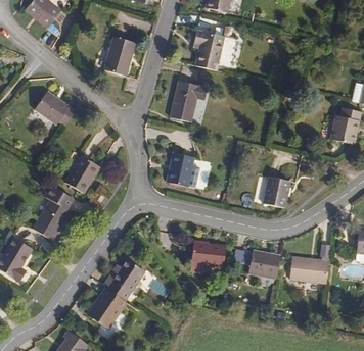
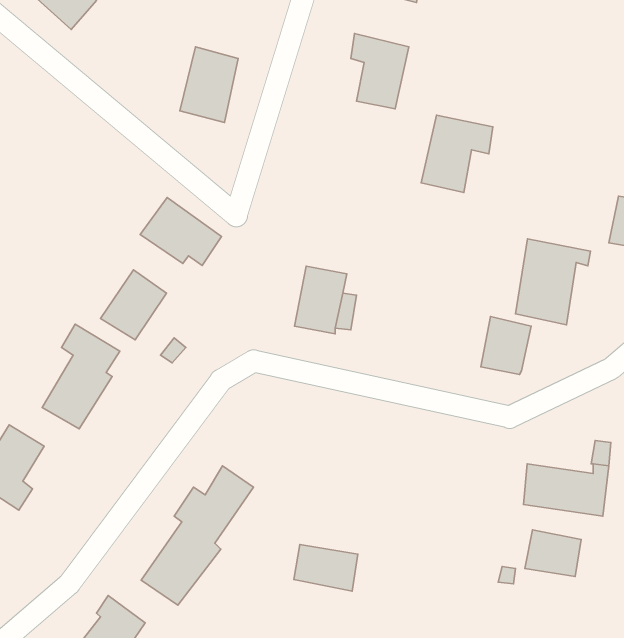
building: [170,81,208,121] -> [421,115,493,193]
building: [33,89,76,124] -> [140,198,222,265]
building: none -> [516,239,591,325]
building: [192,245,226,269] -> [294,545,358,591]
building: [249,255,279,280] -> [525,530,581,576]

